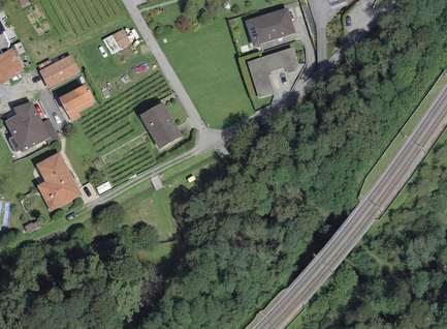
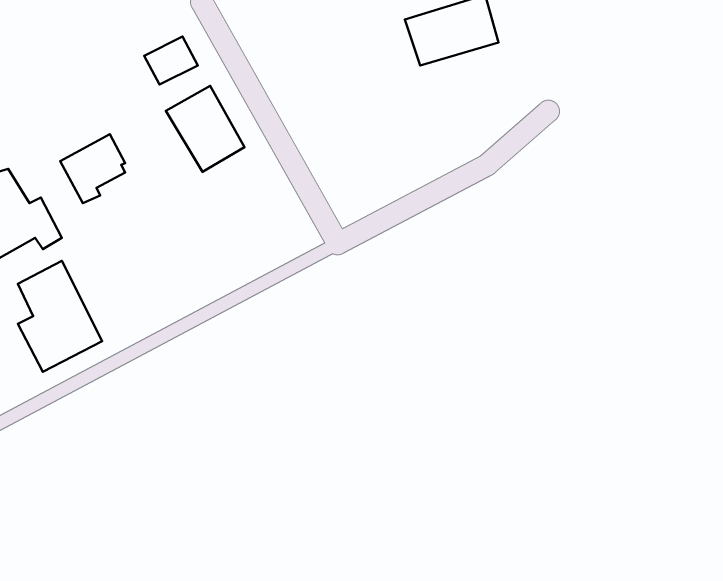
building: [247,47,299,97] -> none
building: [39,54,79,88] -> none
building: [139,101,182,148] -> [166,86,244,172]

